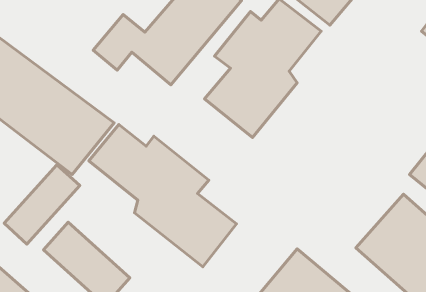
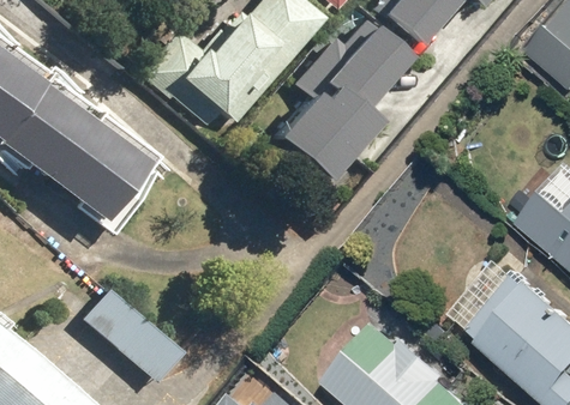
building: [89,125,237,267] -> none
building: [4,165,80,244] -> none

